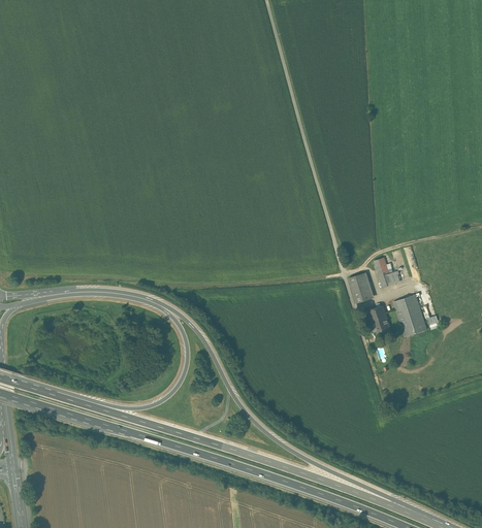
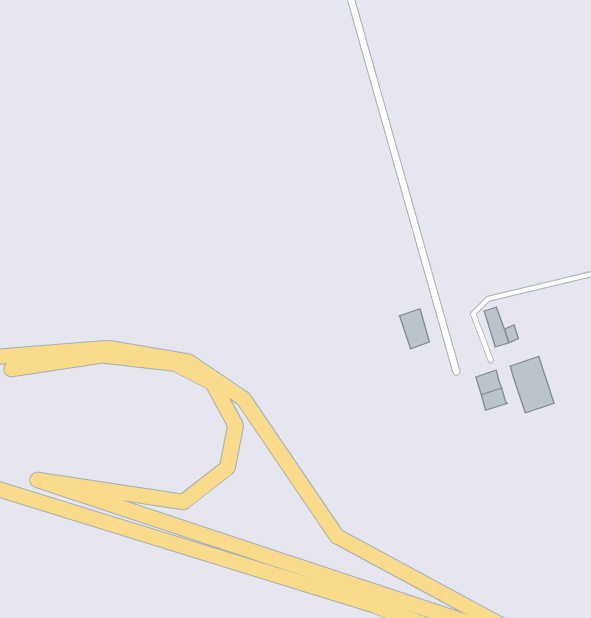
building: [349,272,372,302] -> [399,309,430,349]

